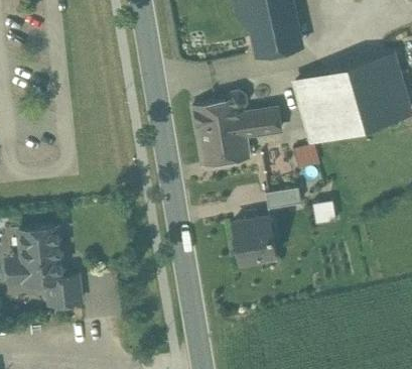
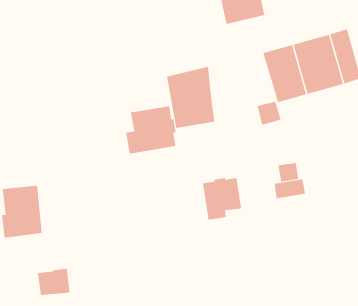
building: [241,117,277,138] -> none
building: none -> [123,105,176,154]
building: [265,190,299,211] -> [274,179,306,199]
building: [45,275,81,304] -> [37,268,70,296]

